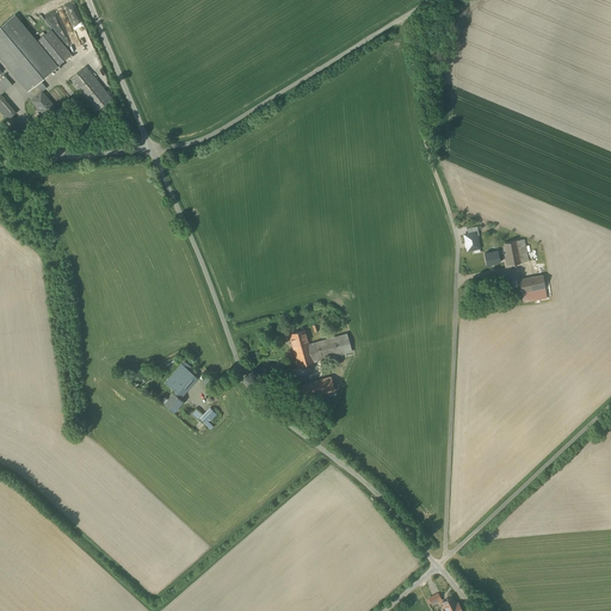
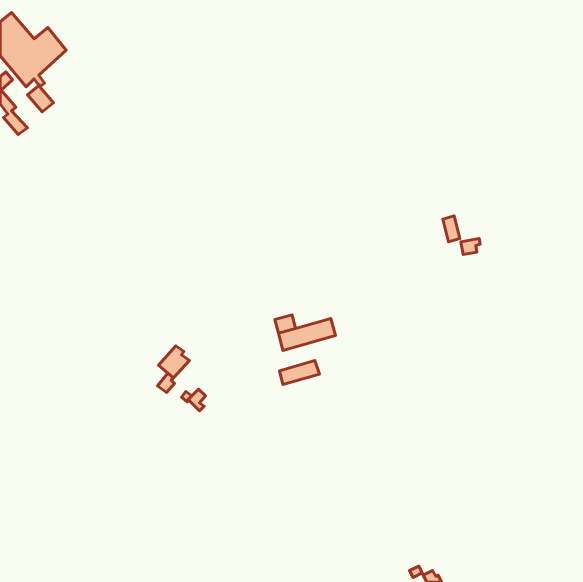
building: [67,66,110,110] -> none
building: [500,239,527,265] -> none
building: [519,274,547,303] -> none

